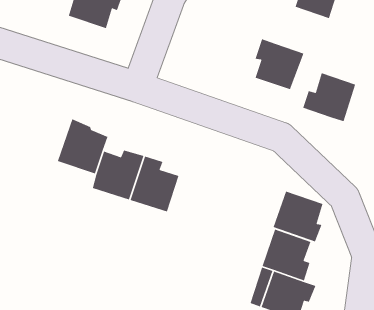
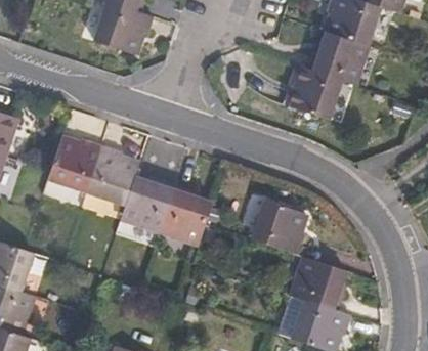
building: [302,72,356,122] -> [309,33,365,84]
building: none -> [47,137,100,190]
building: [272,191,323,243] -> [254,203,306,256]

